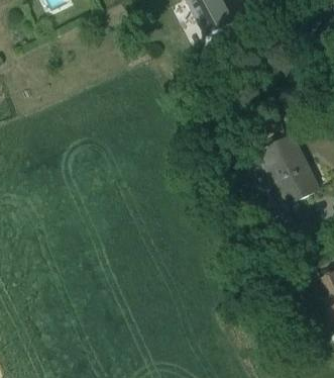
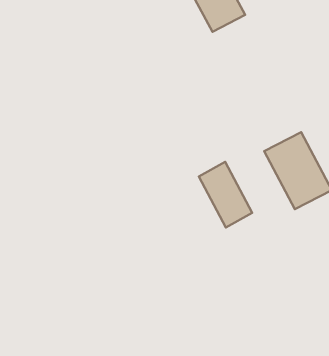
building: none -> [199,162,252,227]

